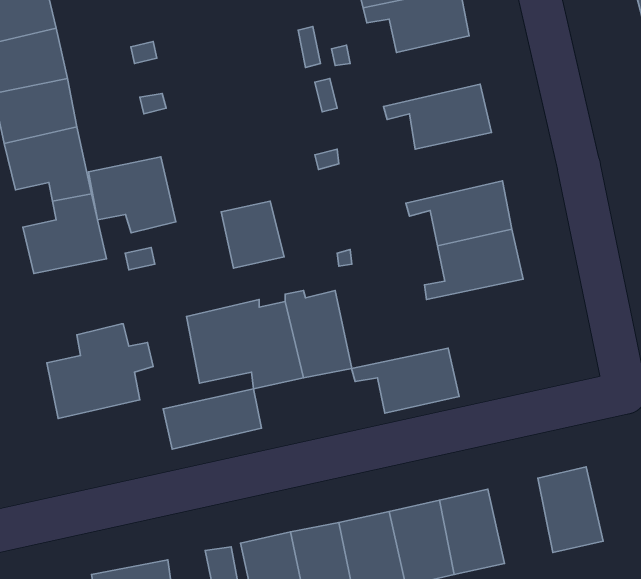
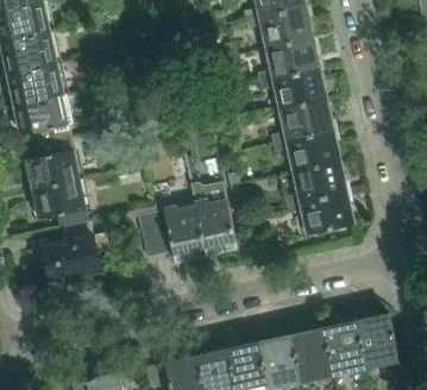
building: none -> [257,36,320,81]
building: none -> [271,97,334,143]
building: [88,157,176,233] -> [34,178,90,227]
building: [221,201,284,268] -> none
building: [351,348,459,413] -> [285,191,354,233]
building: [163,389,262,449] -> none
building: none -> [325,319,366,373]

